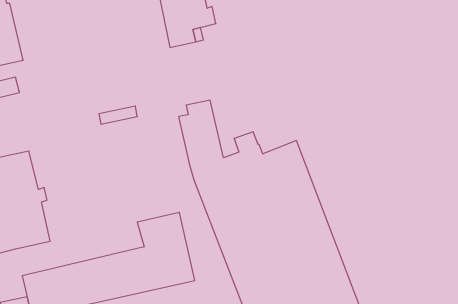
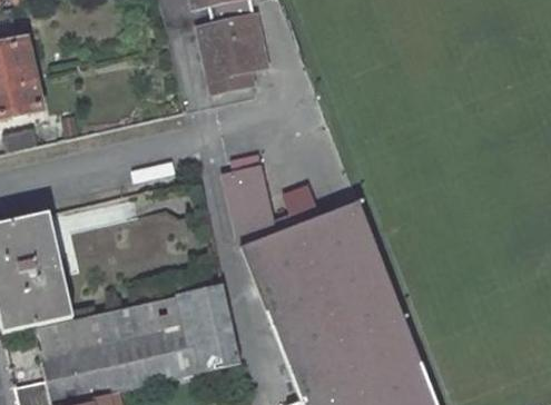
building: none -> [32,296,181,358]

